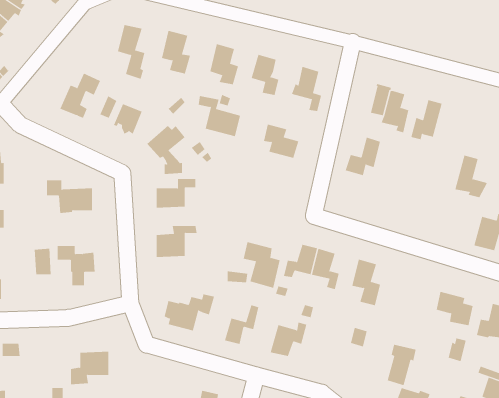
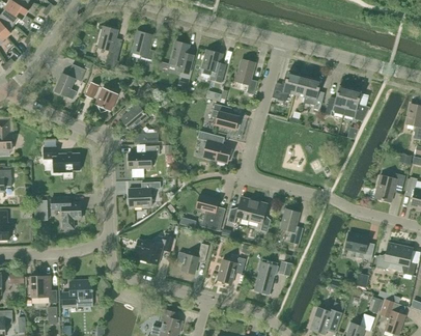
building: [198,95,241,137] -> [198,131,231,163]
building: [345,137,381,176] -> [272,71,300,101]
building: [454,155,488,198] -> [343,87,369,120]
building: [387,344,416,386] -> [255,261,278,293]
building: none -> [31,275,57,303]

